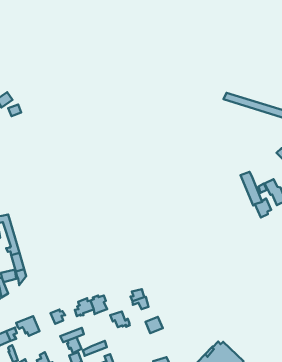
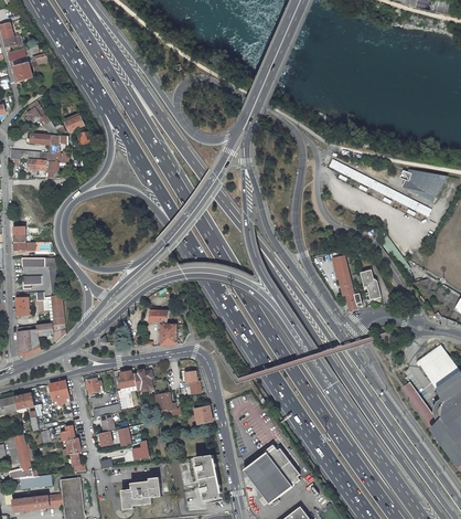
building: none -> [147,310,175,346]

